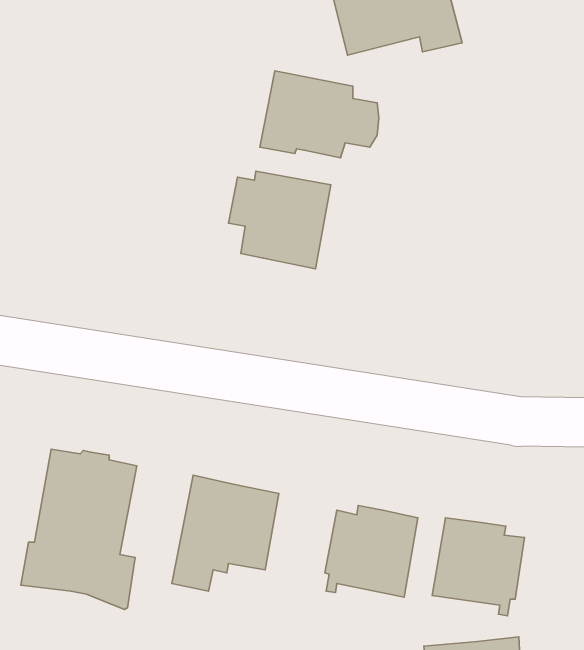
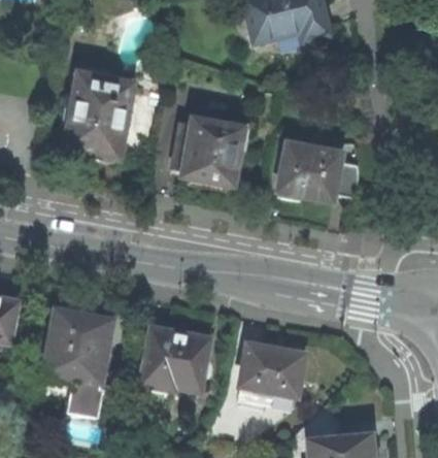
building: [260,71,379,158] -> [278,142,359,201]
building: none -> [65,72,134,161]
building: [432,518,524,616] -> none

